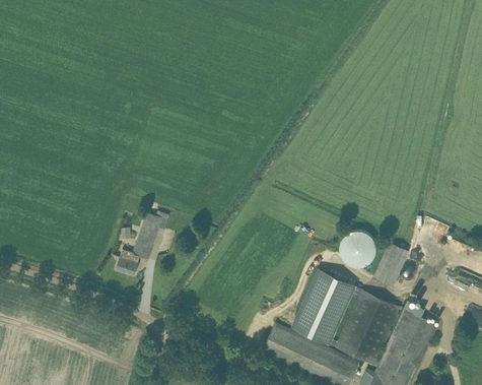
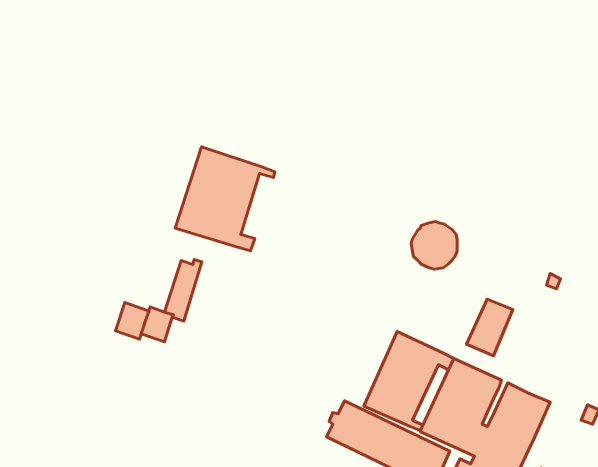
building: none -> [175,147,275,251]
building: [338,230,374,267] -> [411,222,457,269]
building: none -> [115,302,149,339]

